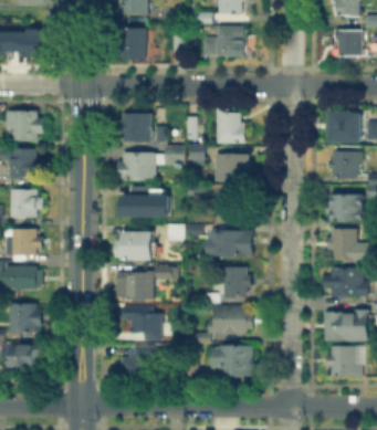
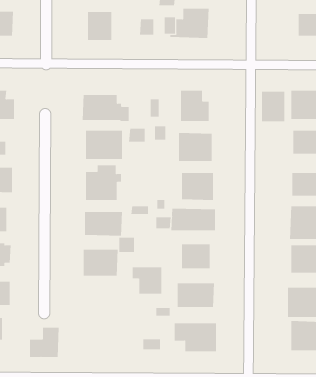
building: none -> [262,91,285,122]
building: [124,306,155,334] -> [132,267,162,294]
building: [121,345,151,376] -> [29,327,59,357]

